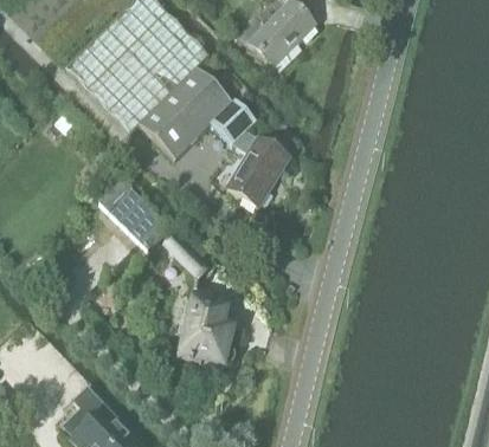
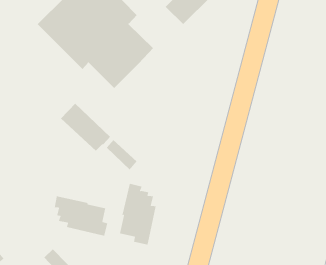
building: [211,98,290,207] -> none
building: none -> [54,196,108,236]

